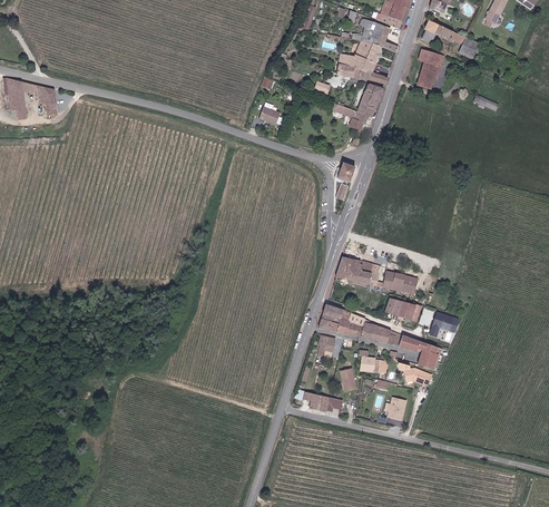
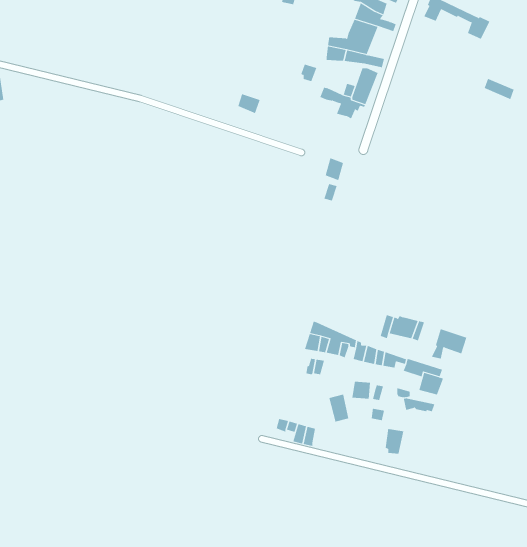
building: [416,48,444,89] -> none
building: [336,256,419,298] -> none

